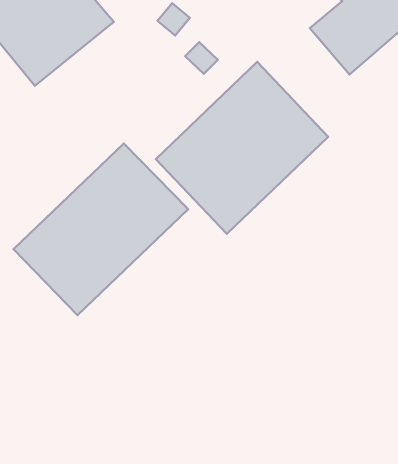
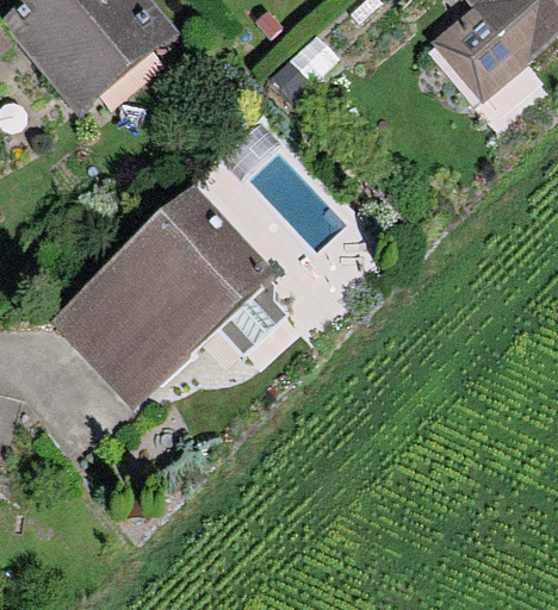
building: [156,62,328,234] -> none

